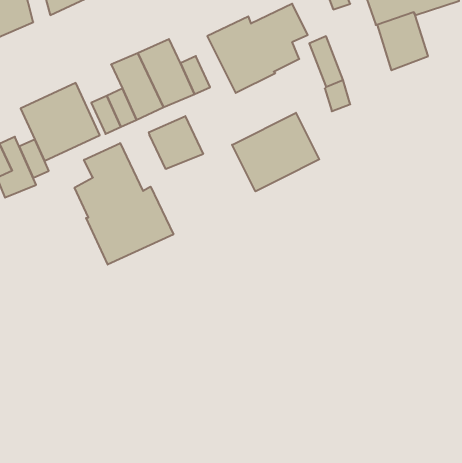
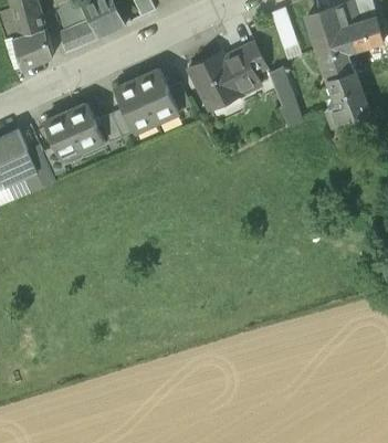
building: none -> [324,83,369,128]
building: [232,113,319,191] -> none
building: [149,116,203,169] -> none
building: [75,143,173,265] -> none

